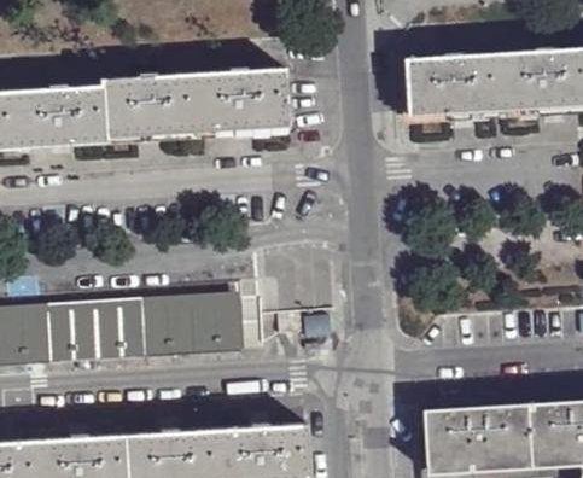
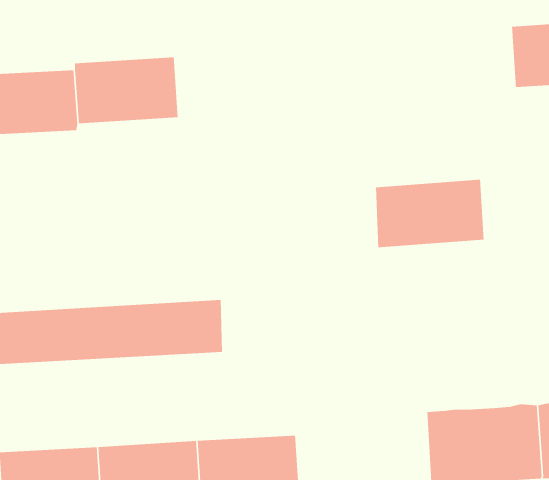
building: [409,49,511,113] -> [375,179,485,248]
building: [196,71,290,134] -> none

